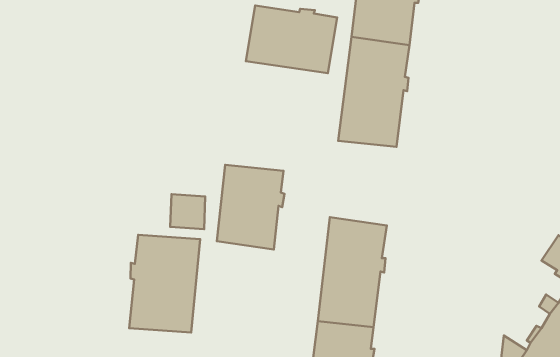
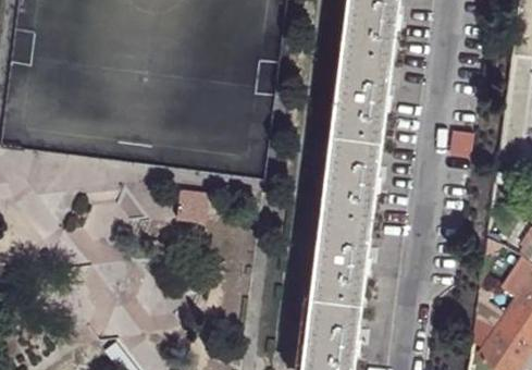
building: [246,5,337,73] -> none
building: [217,165,285,249] -> [321,143,382,219]
building: [129,235,200,332] -> none

